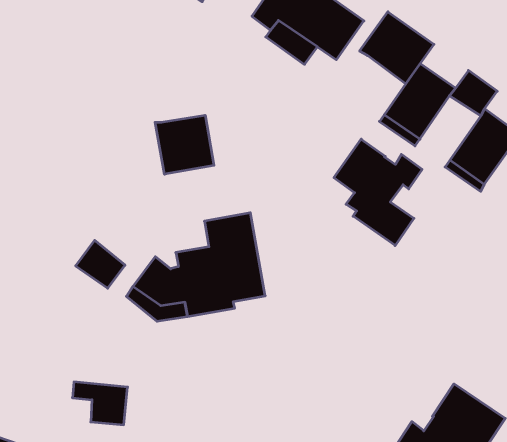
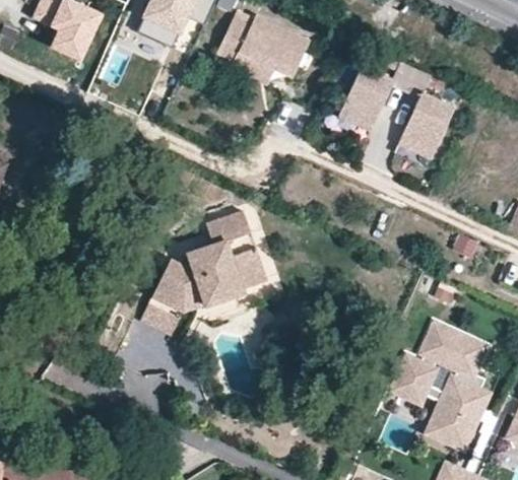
building: [360,12,434,84] -> none
building: [155,115,214,174] -> none
building: [334,139,422,246] -> none
building: [76,240,125,288] -> [140,296,181,334]

